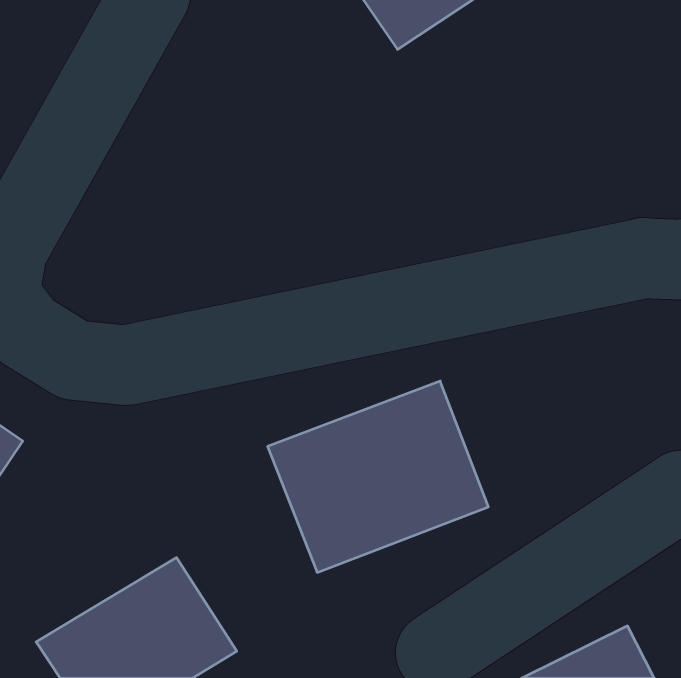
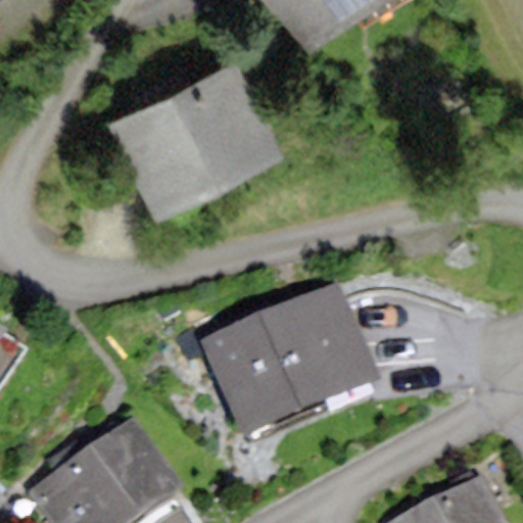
building: none -> [105,48,278,205]

